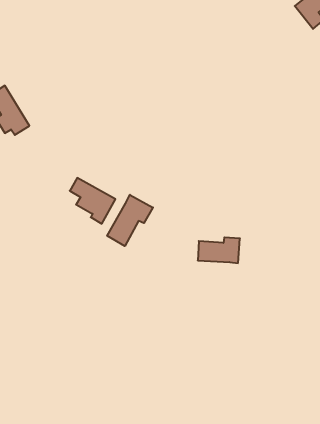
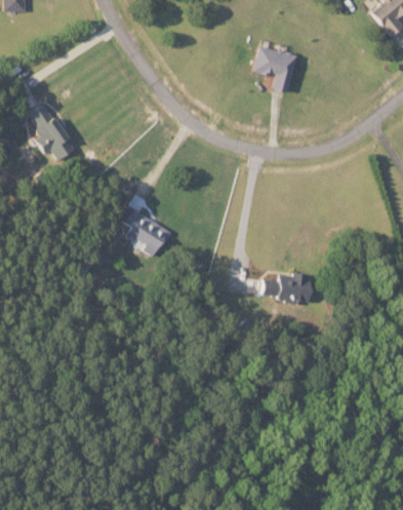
building: none -> [255,46,298,92]
building: [107,195,153,246] -> none

